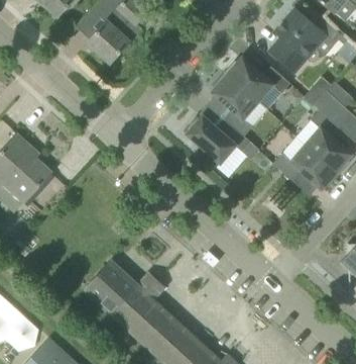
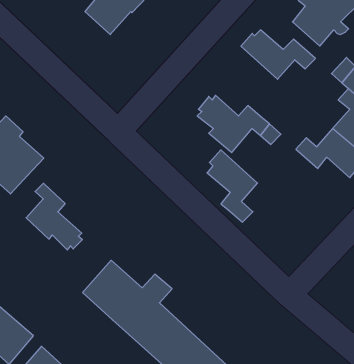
building: [213,73,257,136] -> [207,150,258,222]
building: none -> [26,183,82,250]

